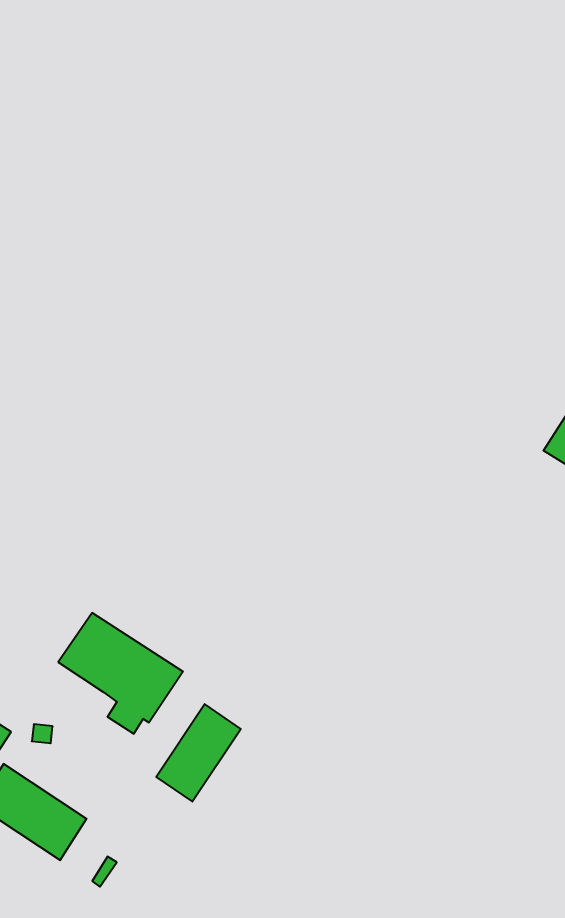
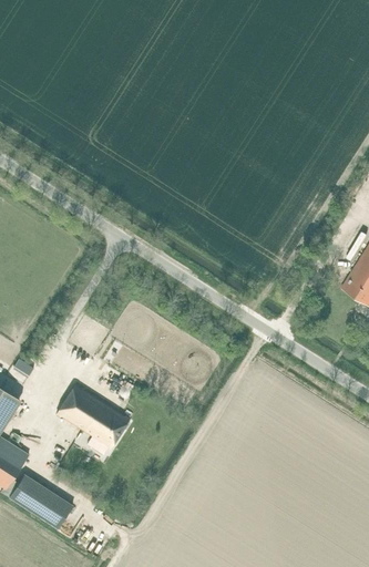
building: [156,704,241,802] -> none

